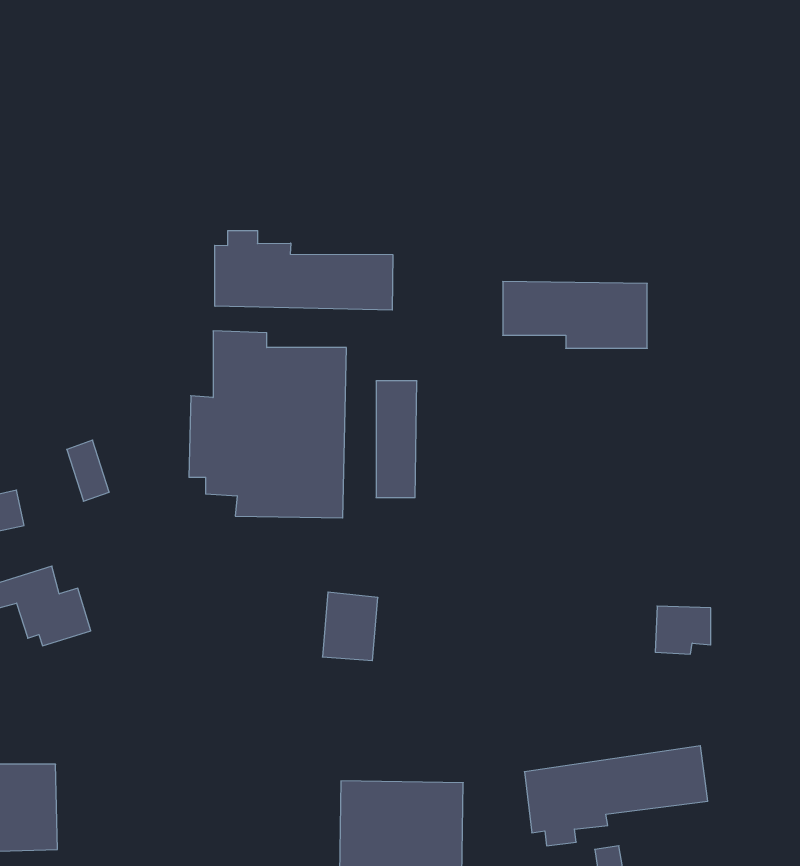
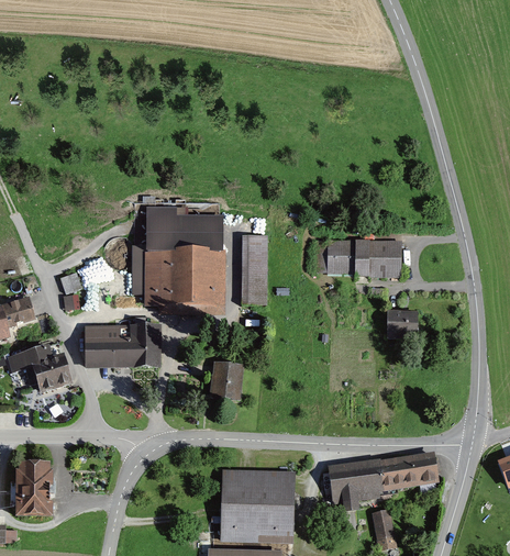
building: [215,231,393,310] -> none
building: [503,282,647,348] -> [315,238,401,278]
building: none -> [85,323,159,367]
building: [655,606,711,654] -> [386,310,419,338]

